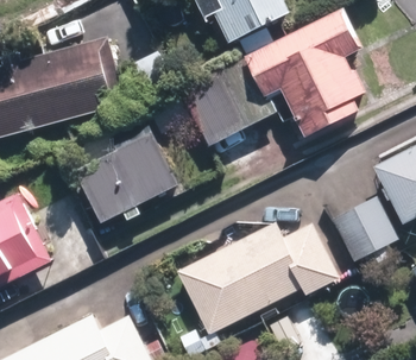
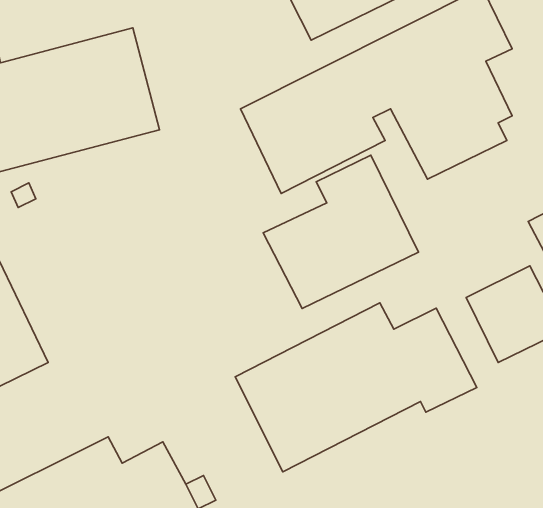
building: [75,118,179,221] -> [263,155,418,309]

